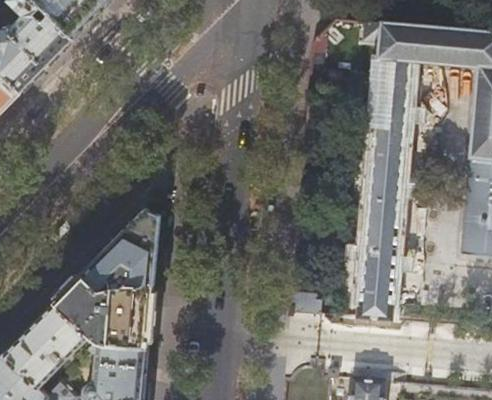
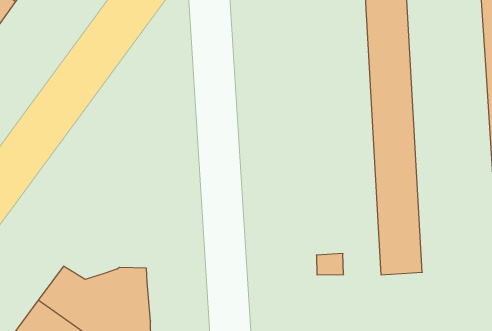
building: [82,206,160,285] -> none

